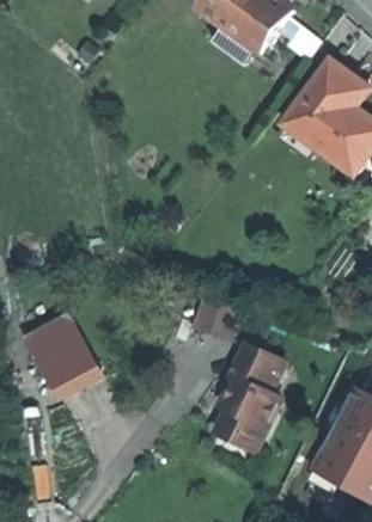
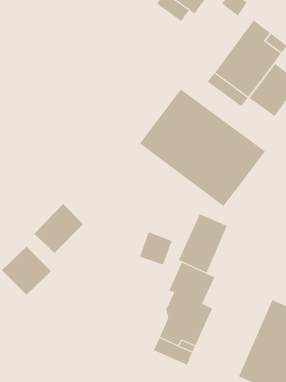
building: none -> [139,88,266,207]
building: none -> [34,203,84,254]
building: none -> [178,213,228,273]

